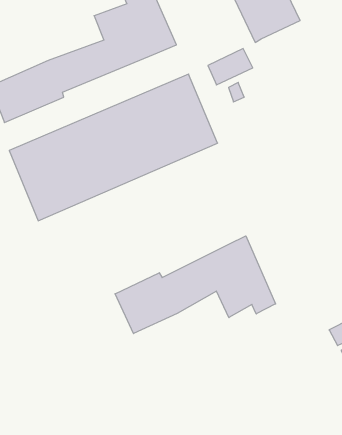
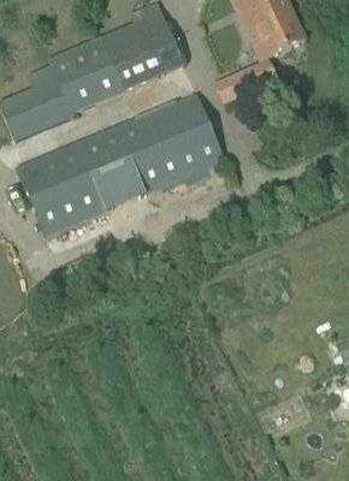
building: none -> [46,34,111,78]
building: [115,236,276,334] -> none

